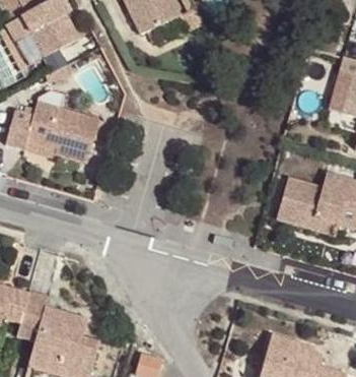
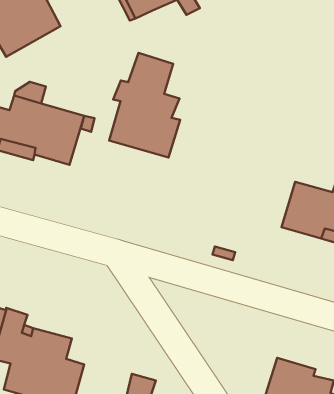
building: none -> [109,53,180,158]

